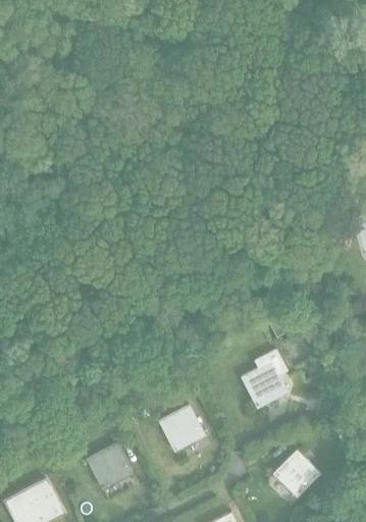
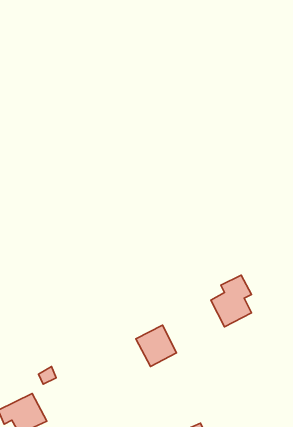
building: [87,445,133,489] -> none
building: [273,451,321,499] -> none

